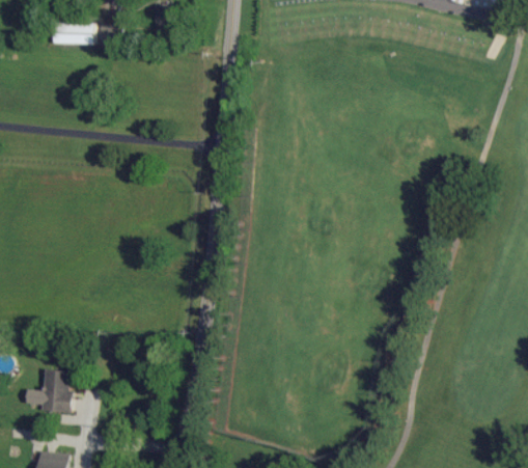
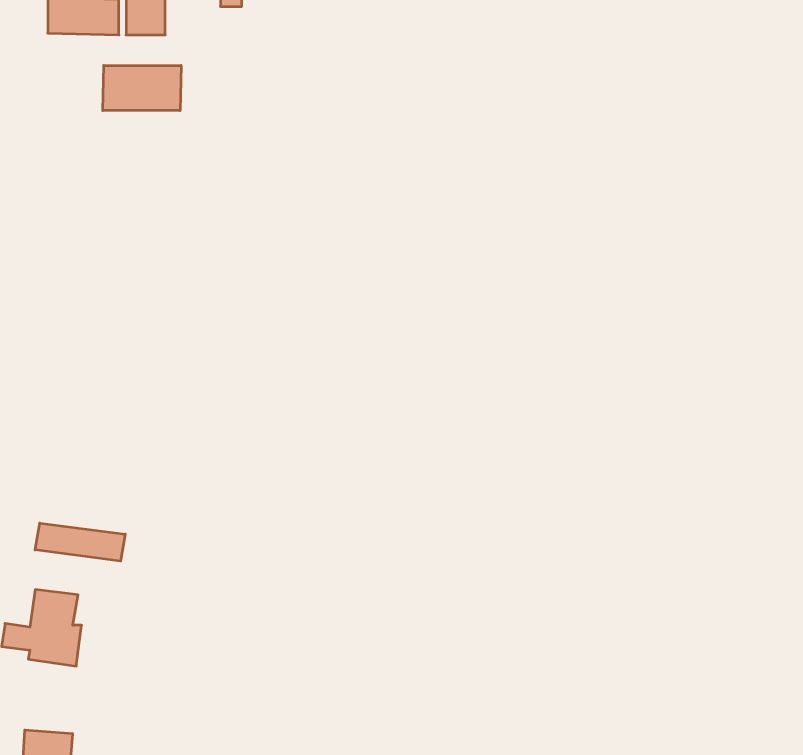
building: none -> [103,65,181,111]
building: none -> [35,523,125,561]

